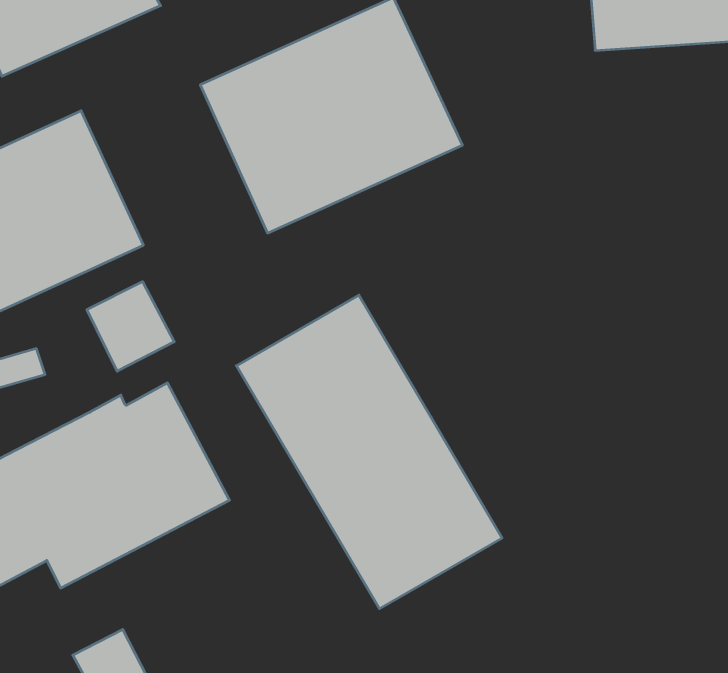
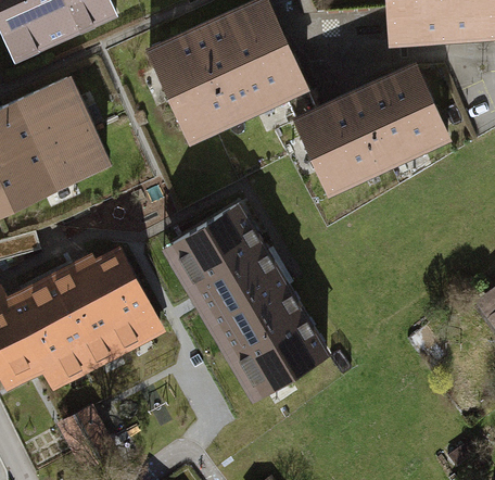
building: none -> [287,72,449,209]
building: [87,282,174,371] -> none

